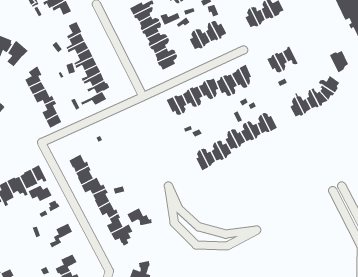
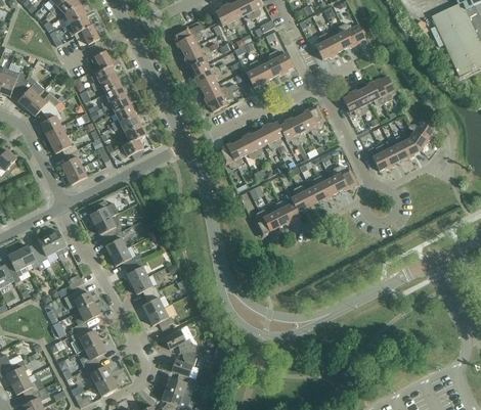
building: [329,50,349,73] -> [371,76,396,104]
building: none -> [27,92,65,117]
building: none -> [88,199,119,225]
building: [28,185,52,202] -> [64,289,95,311]
building: [126,208,153,226] -> [164,330,196,353]
building: none -> [71,327,100,353]

